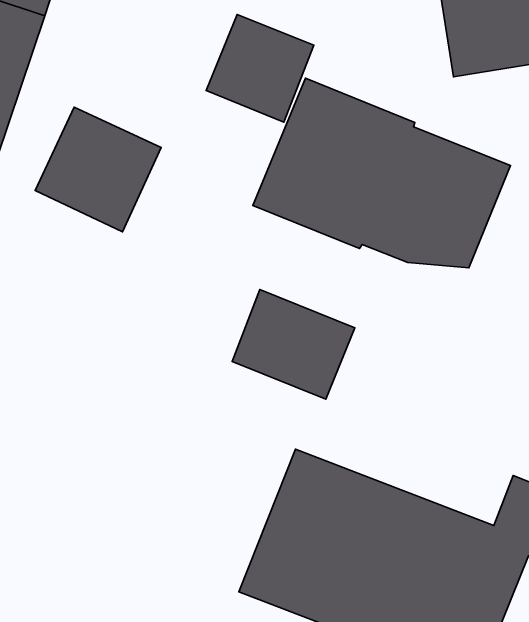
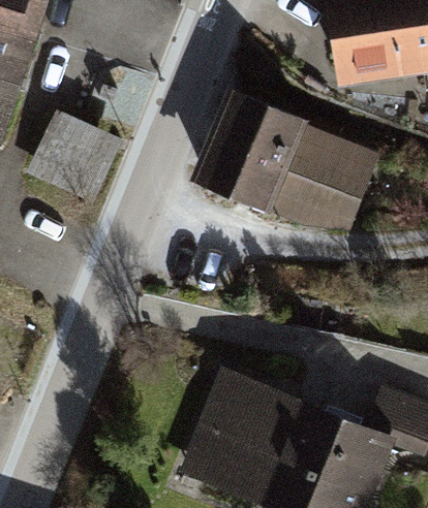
building: [206,14,314,122] -> none
building: [232,289,355,399] -> none

